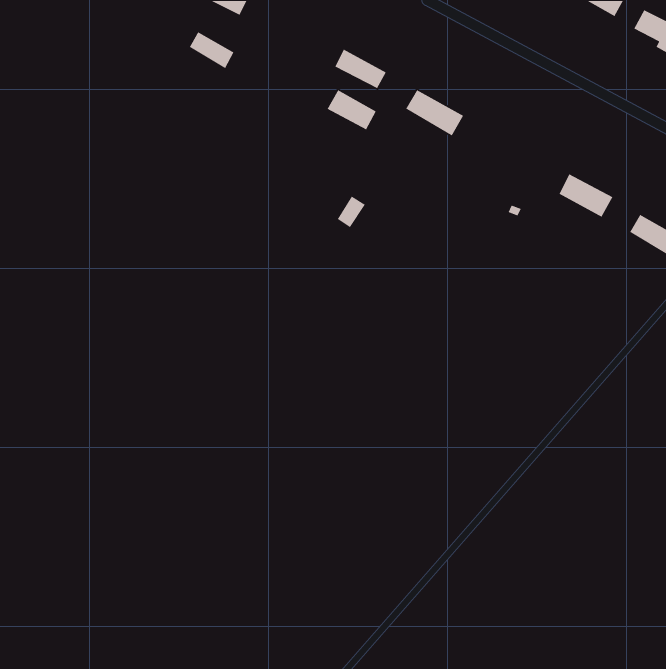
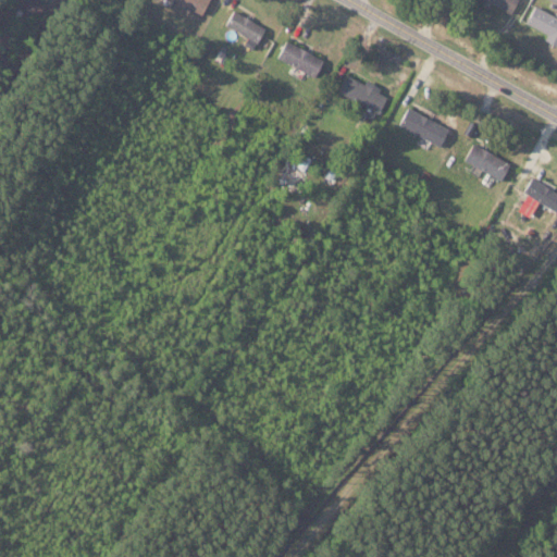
building: [189,31,235,69] -> [228,12,267,44]
building: [326,89,377,130] -> none
building: none -> [401,108,450,147]

